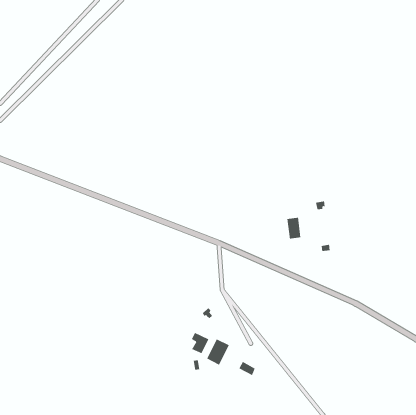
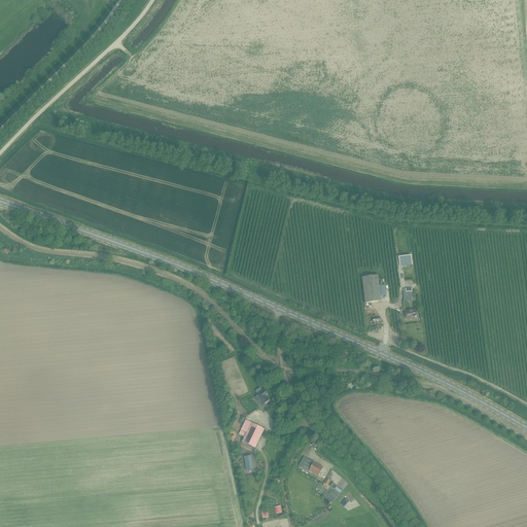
building: [206,338,229,366] -> none

